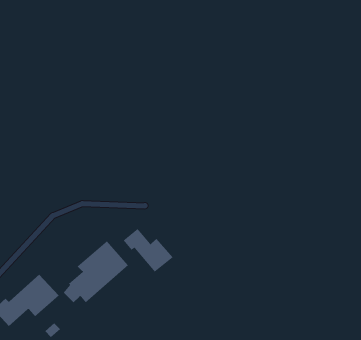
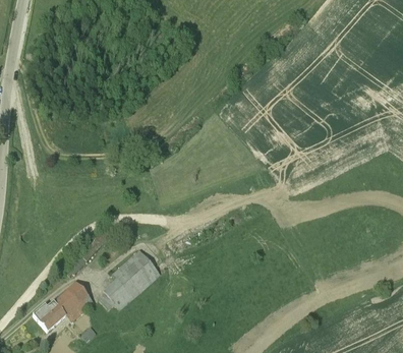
building: [123,228,173,272] -> none

